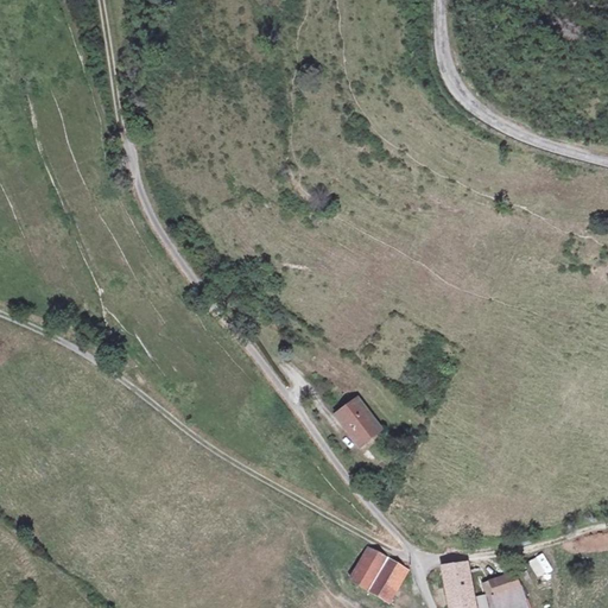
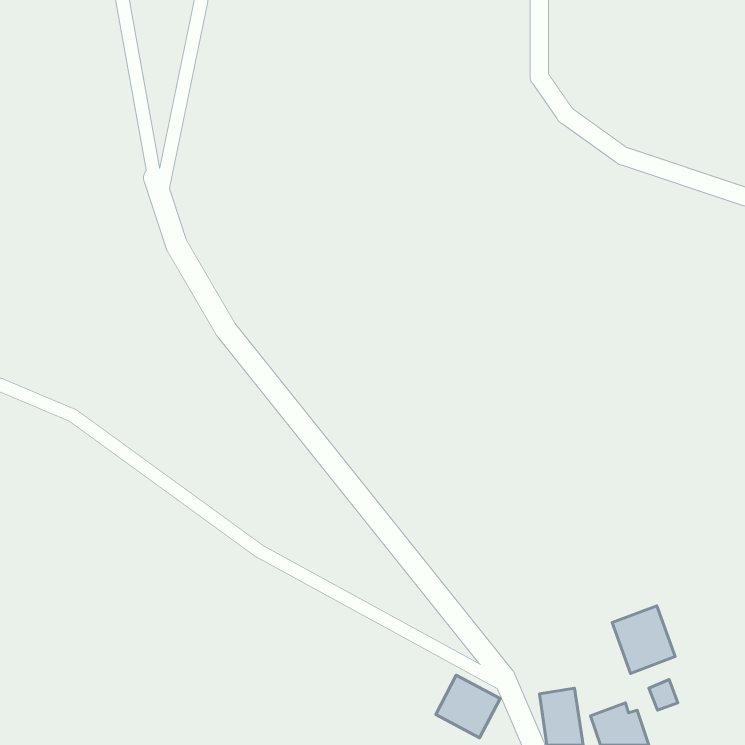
building: [336,400,380,444] -> none
building: none -> [612,606,675,673]

